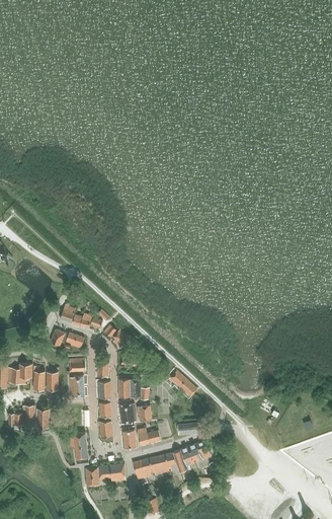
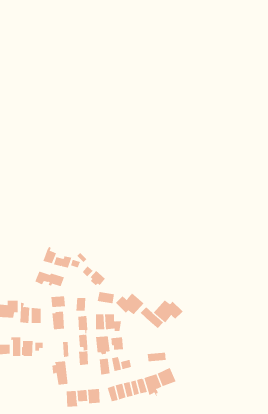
building: none -> [115,292,144,315]
building: none -> [153,299,183,323]

